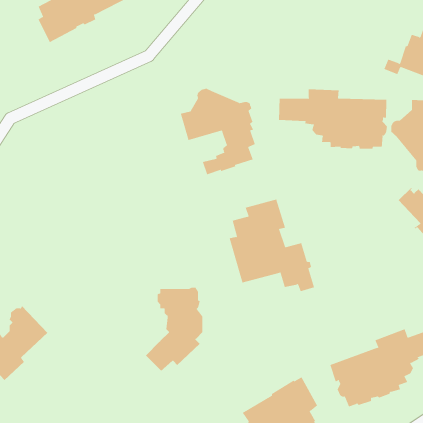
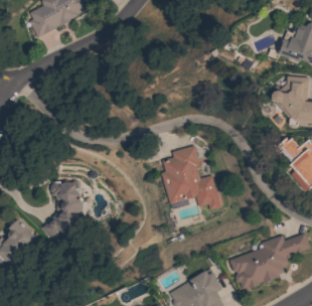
building: [180,88,256,175] -> none
building: [279,88,387,149] -> none
building: [145,287,203,372] -> [42,180,83,239]

